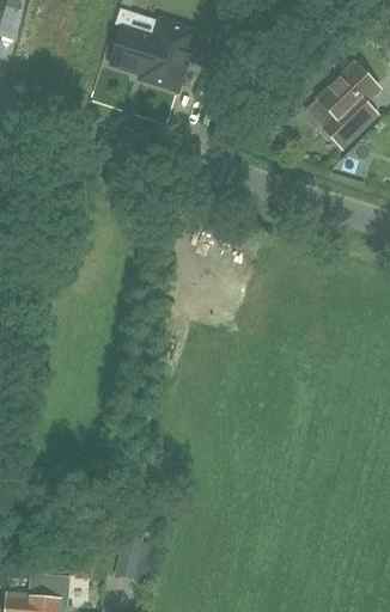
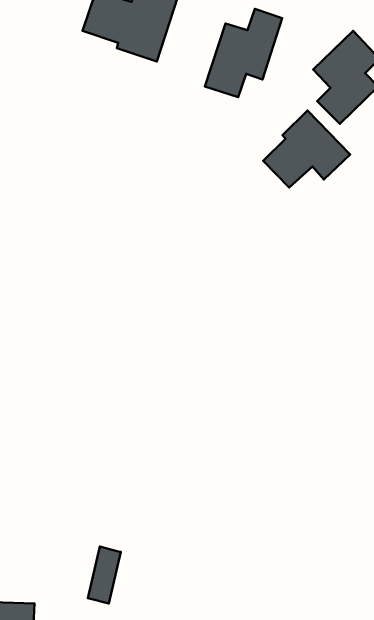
building: none -> [205,9,282,97]
building: none -> [263,110,350,188]

